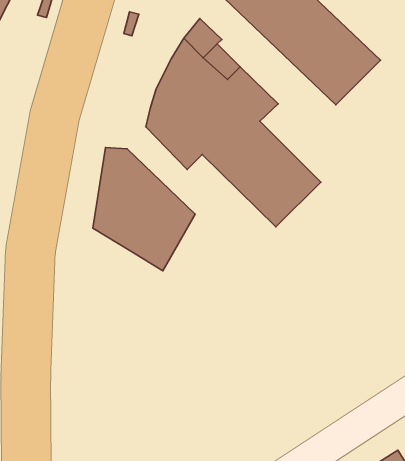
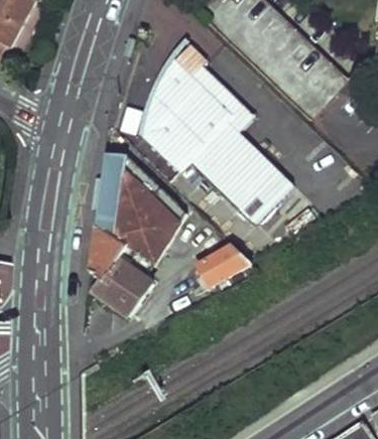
building: none -> [87,225,151,316]
building: none -> [195,244,250,288]

